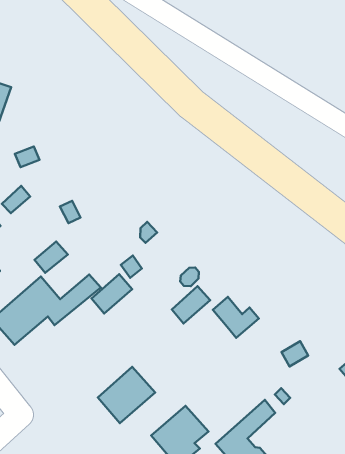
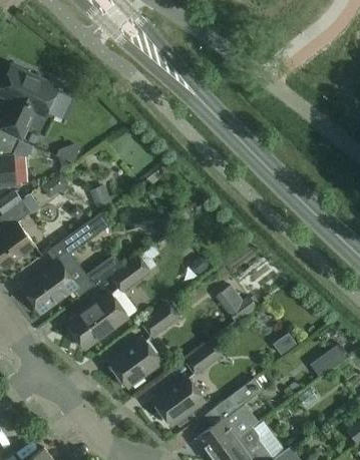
building: [172,286,210,323] -> [143,305,177,336]
building: none -> [67,293,127,349]
building: none -> [187,343,221,374]

